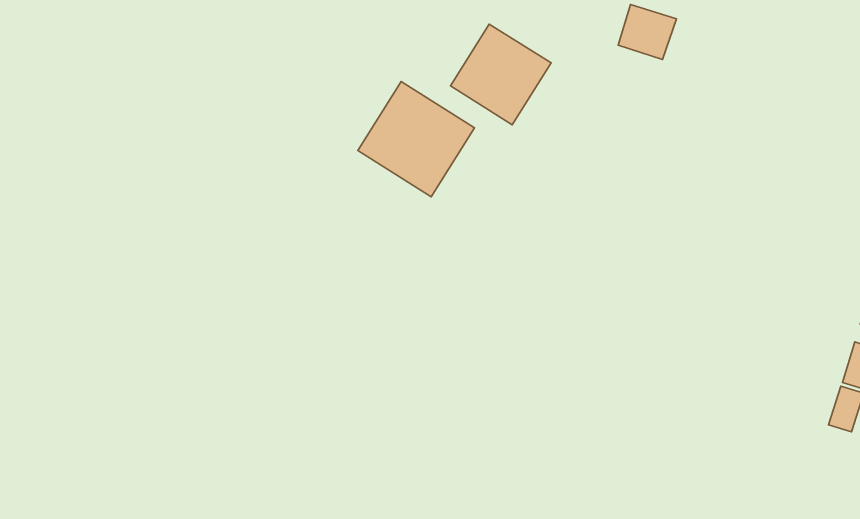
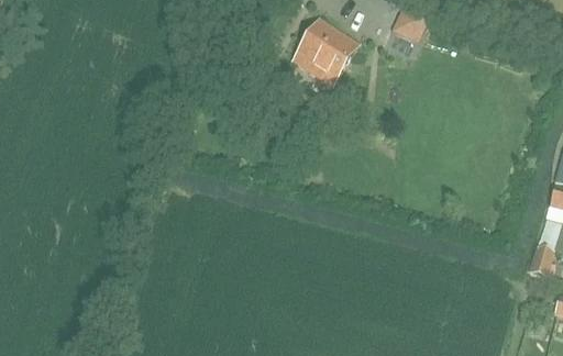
building: [358,82,475,197] -> none

